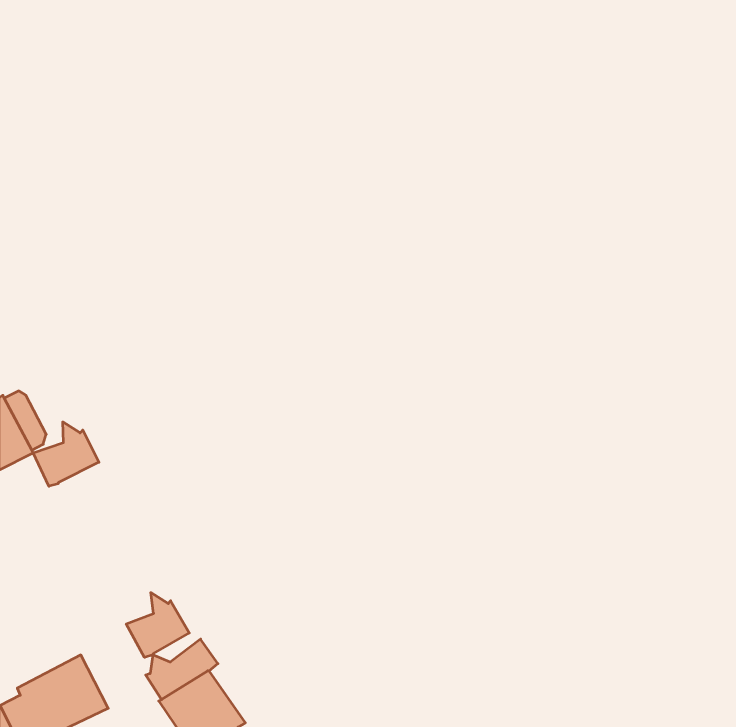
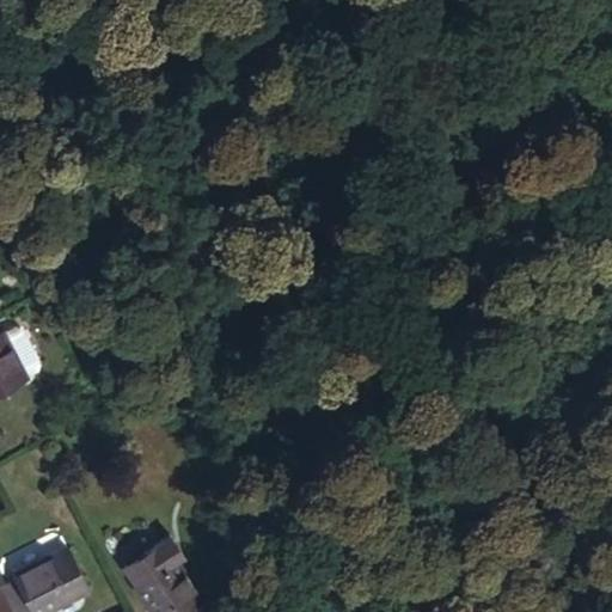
building: [33,422,99,486] -> none
building: [126,593,189,657] -> none

